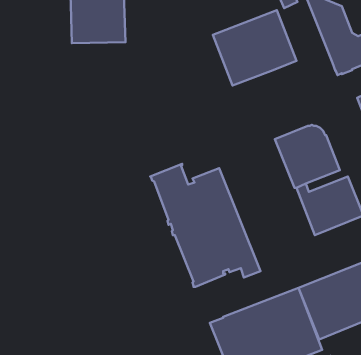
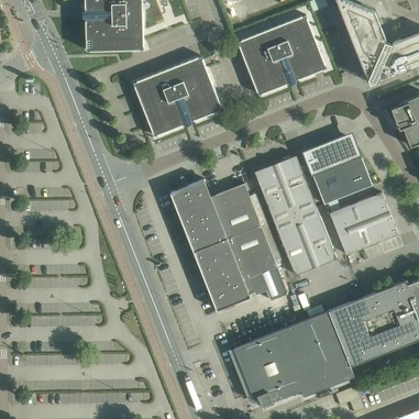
building: none -> [132,56,221,136]
building: none -> [253,155,335,275]

